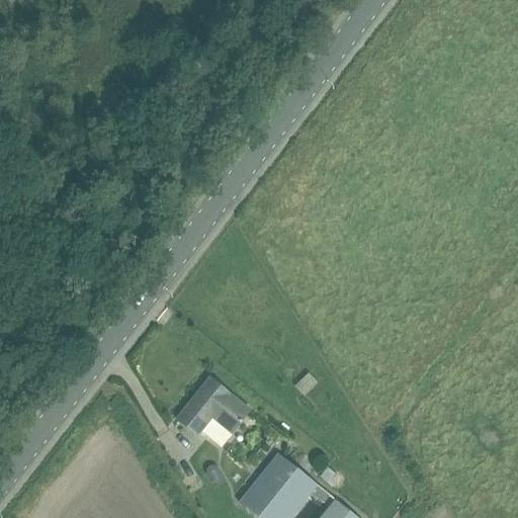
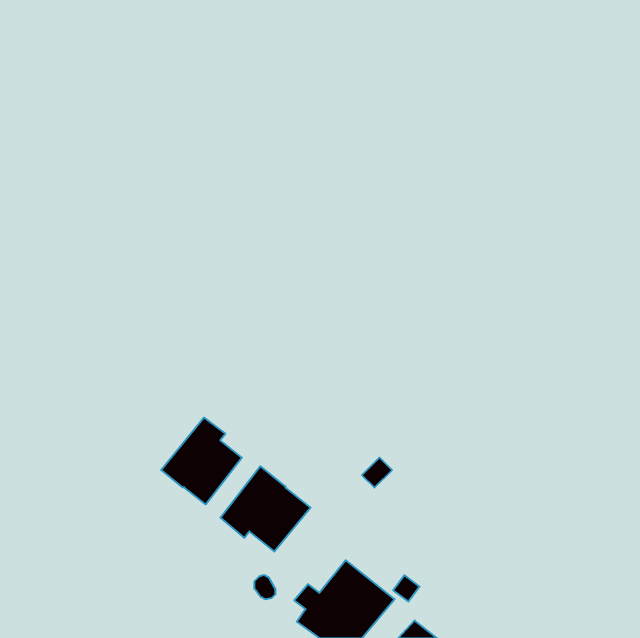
building: none -> [161,418,242,504]

